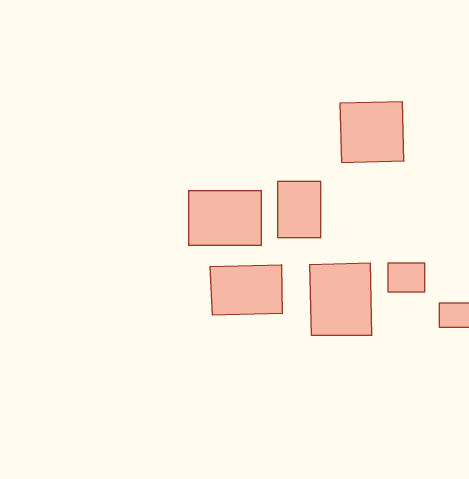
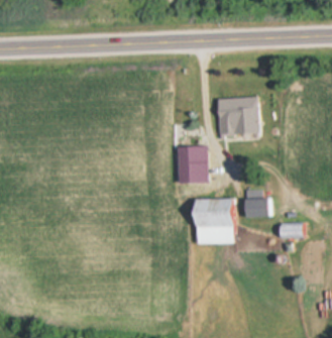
building: [189,190,261,246] -> none
building: [210,265,282,315] -> none

